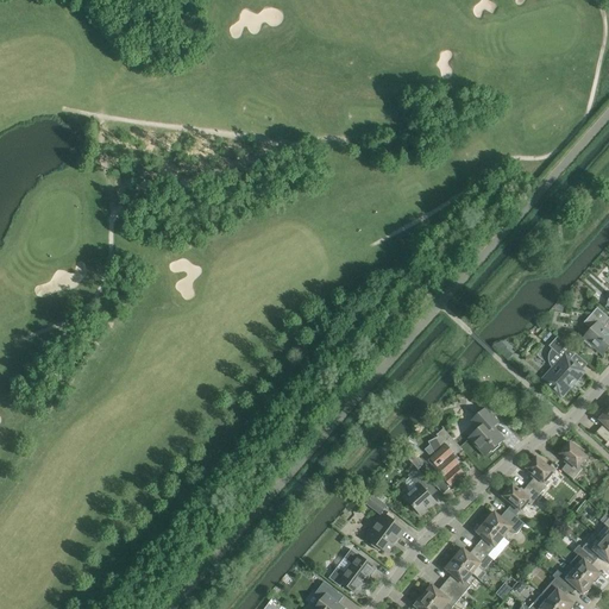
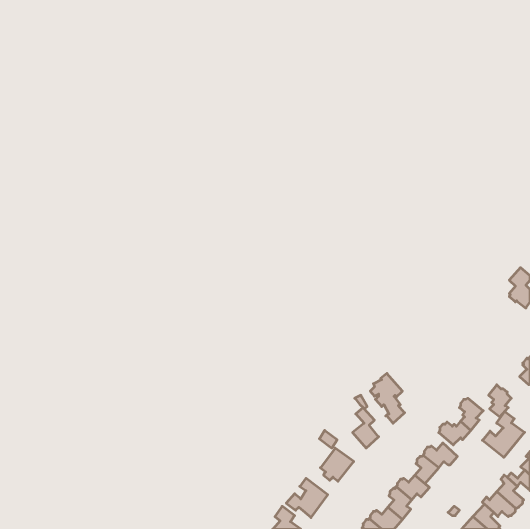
building: [542,337,583,396] -> none
building: [469,407,504,456] -> none
building: none -> [482,411,525,457]

